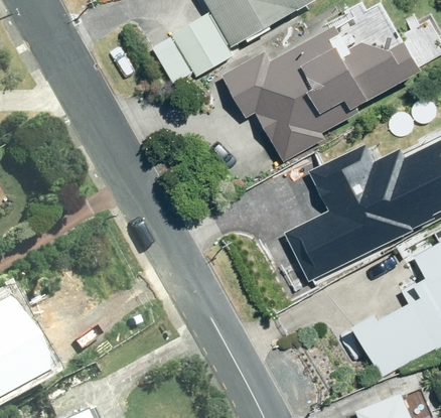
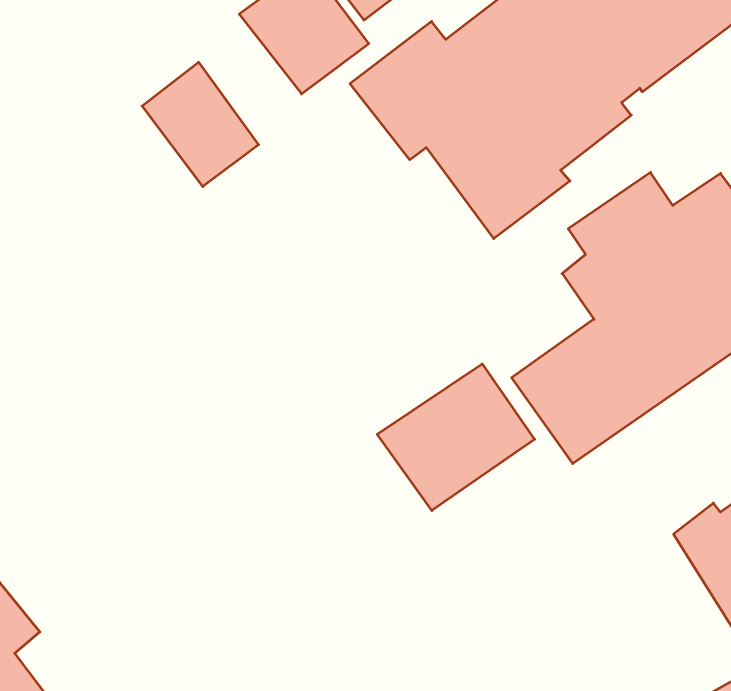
building: none -> [142,62,259,187]
building: none -> [377,364,535,511]

